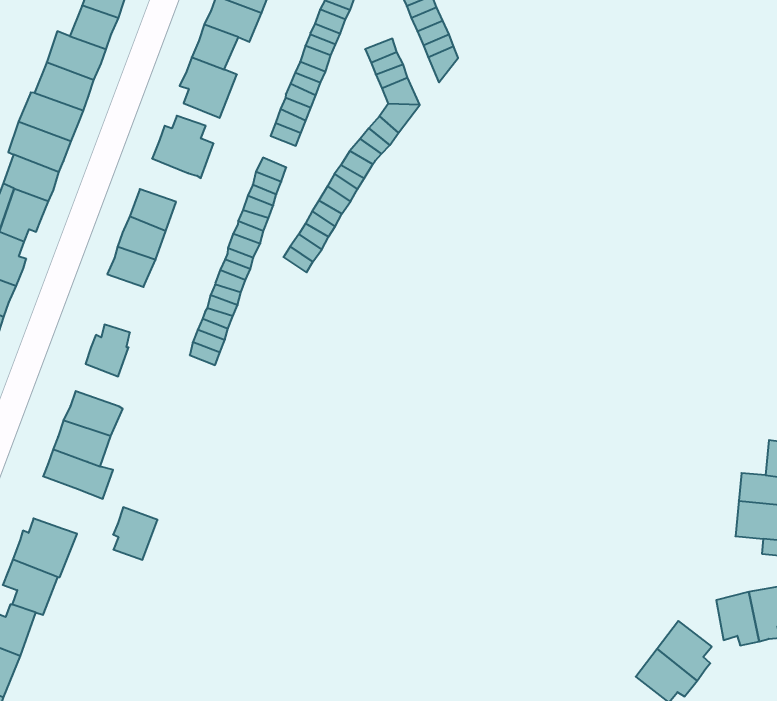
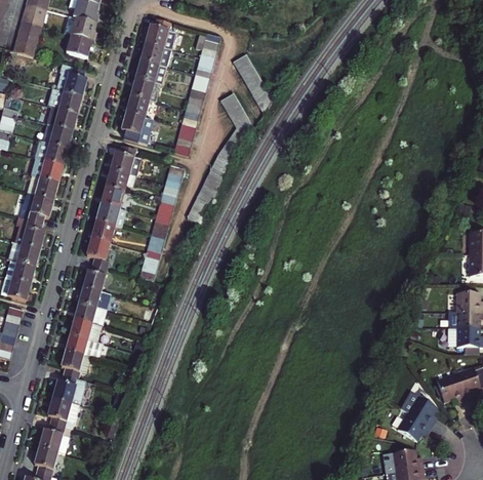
building: none -> [104,169,129,192]
building: none -> [86,235,111,266]
building: none -> [79,285,108,307]
building: [113,507,158,560] -> [62,349,85,376]

